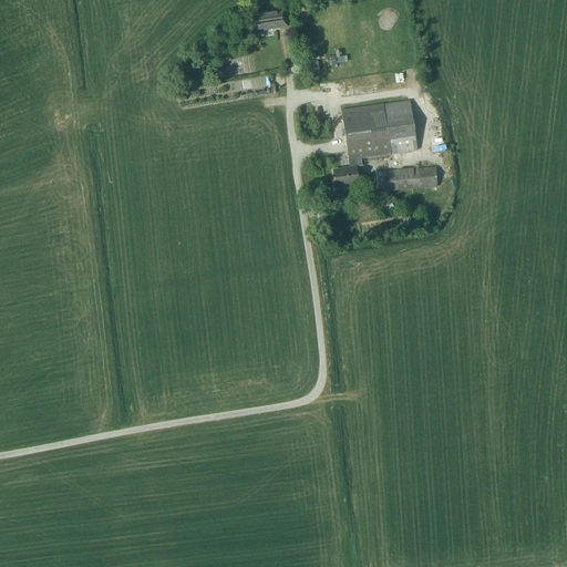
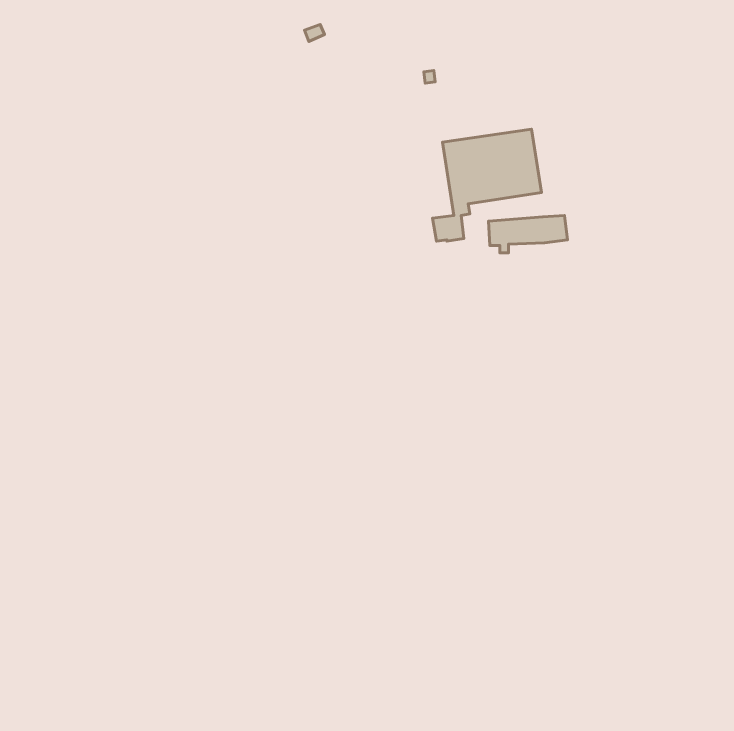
building: [252,8,286,29] -> none

